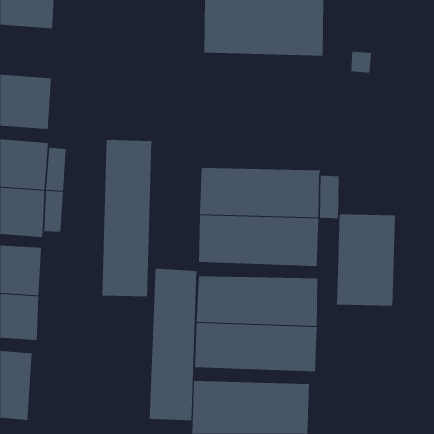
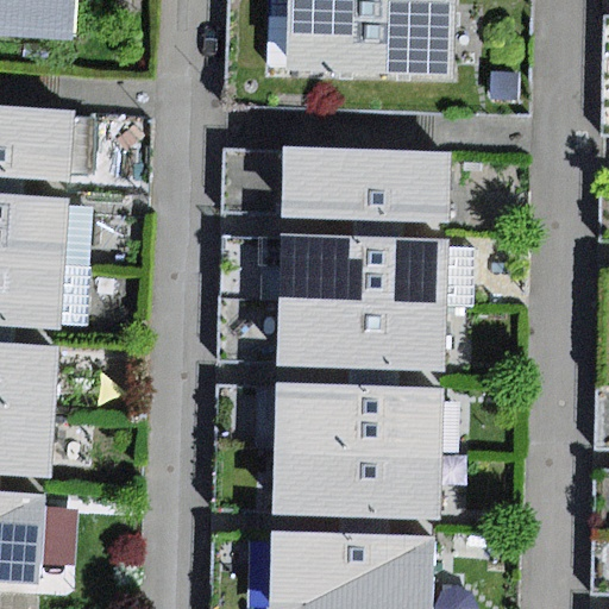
building: none -> [281,146,450,224]
building: [102,139,152,297] -> none
building: [337,213,395,307] -> none
building: [149,268,197,421] -> none

